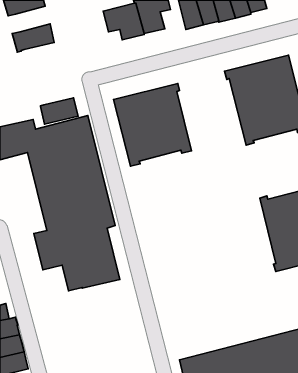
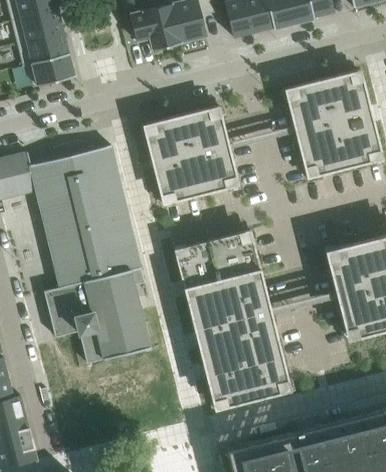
building: none -> [12,9,64,43]
building: [40,98,78,124] -> [28,54,75,87]
building: none -> [173,229,294,410]

